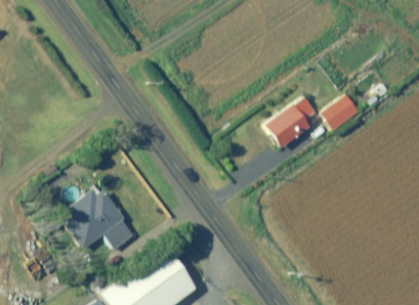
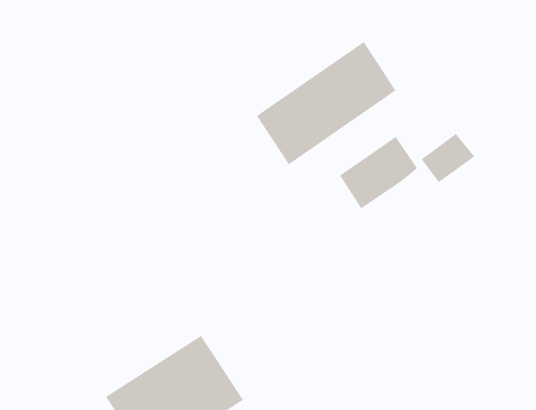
building: none -> [256,41,396,165]
building: [59,192,136,258] -> none

